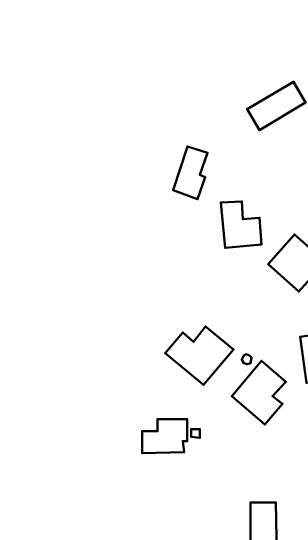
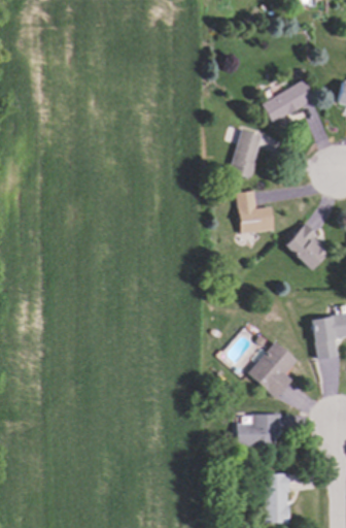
building: [173,146,207,199] -> [229,130,261,179]
building: [165,326,233,385] -> none
building: [142,419,187,453] -> [238,412,280,444]

